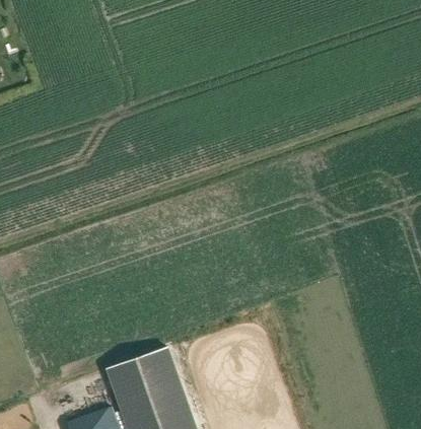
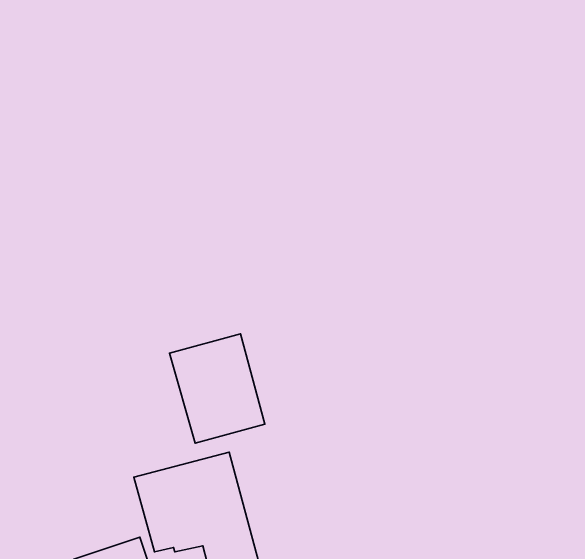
building: none -> [169,334,265,443]

